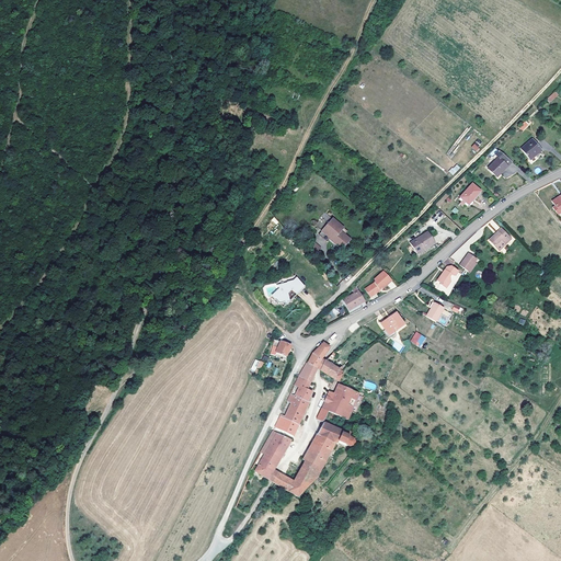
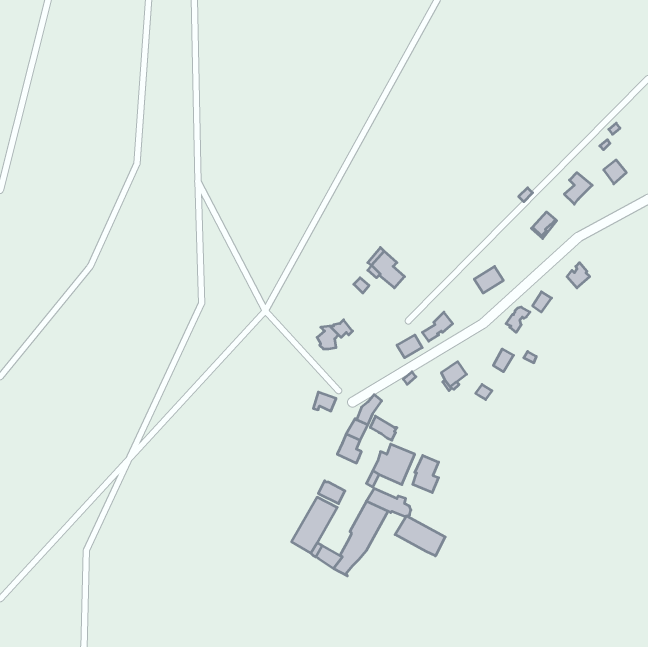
building: [284,392,309,424] -> none
building: none -> [413,455,439,493]
building: none -> [395,516,445,556]

